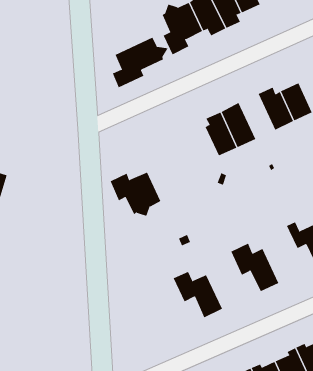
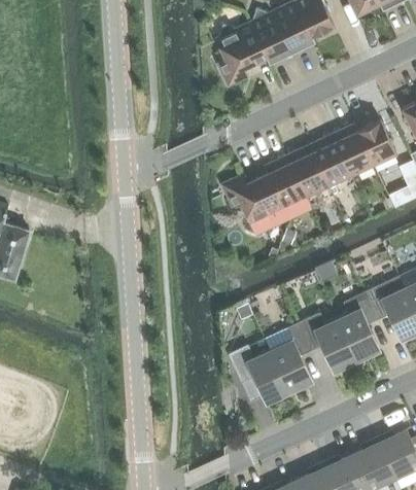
building: [112,37,169,88] -> none
building: none -> [308,133,351,187]
building: [110,172,161,216] -> [221,173,283,226]
building: none -> [337,291,379,360]
building: none -> [269,322,312,391]

